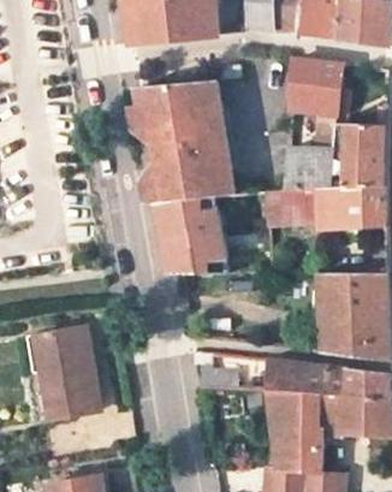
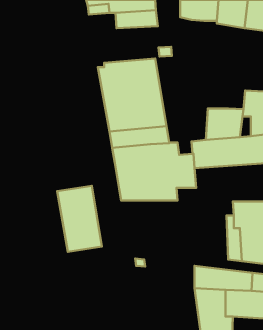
building: [287,59,341,114] -> none
building: [32,328,93,417] -> [57,186,102,252]

